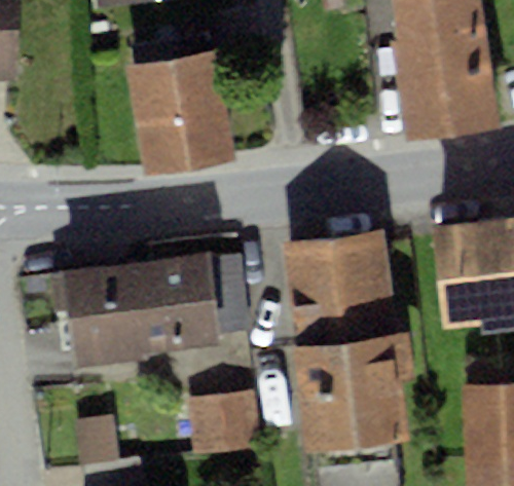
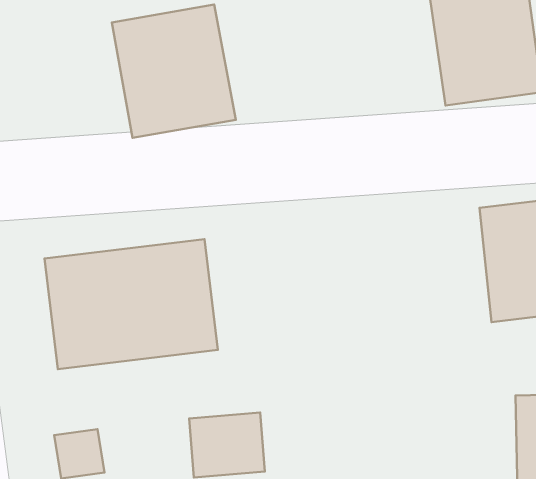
building: [283,241,397,322] -> none
building: [292,334,405,451] -> none

